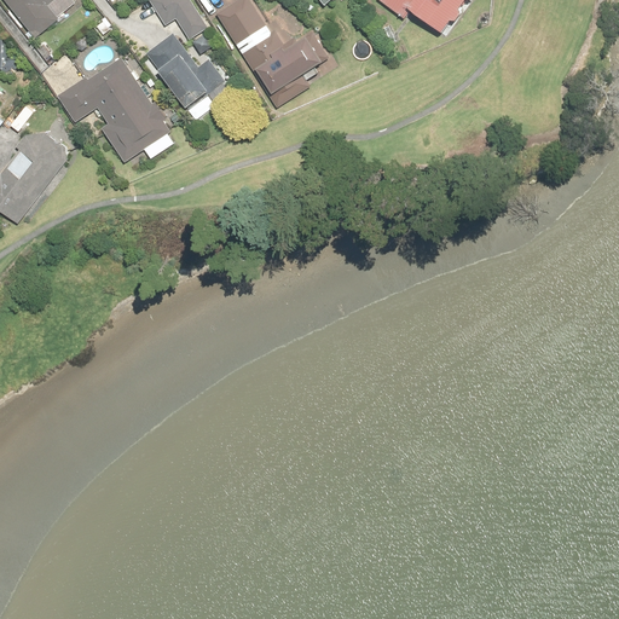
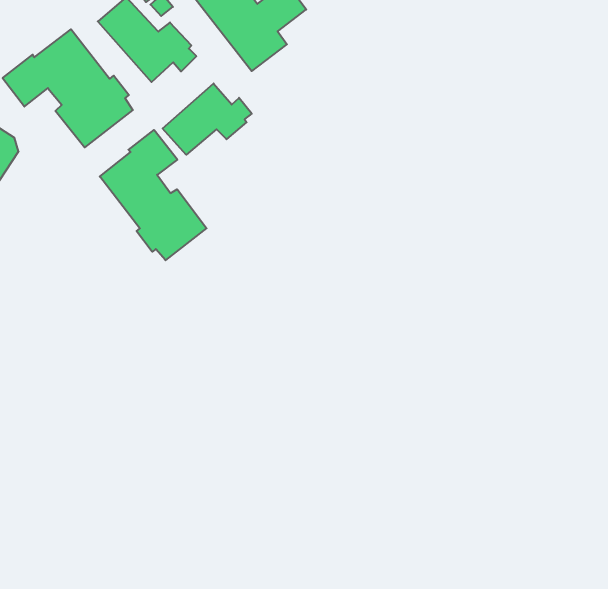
building: none -> [163,83,252,155]
building: none -> [100,130,207,260]

